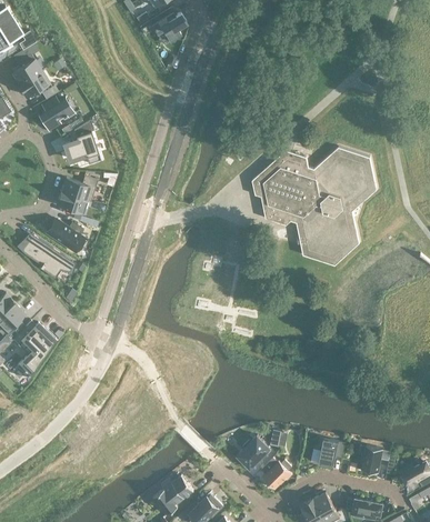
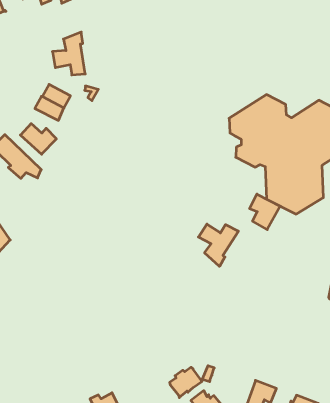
building: [37,98,70,132] -> none
building: none -> [250,194,280,230]
building: none -> [198,224,238,266]

